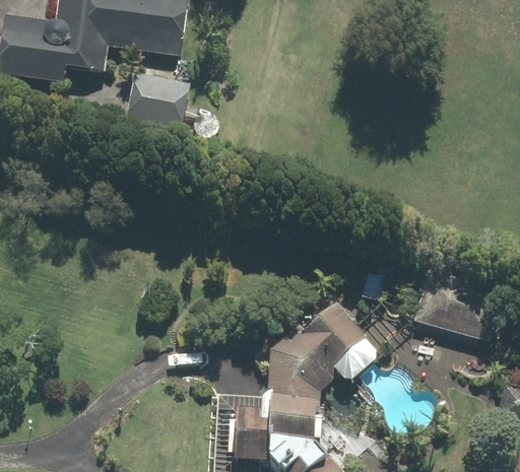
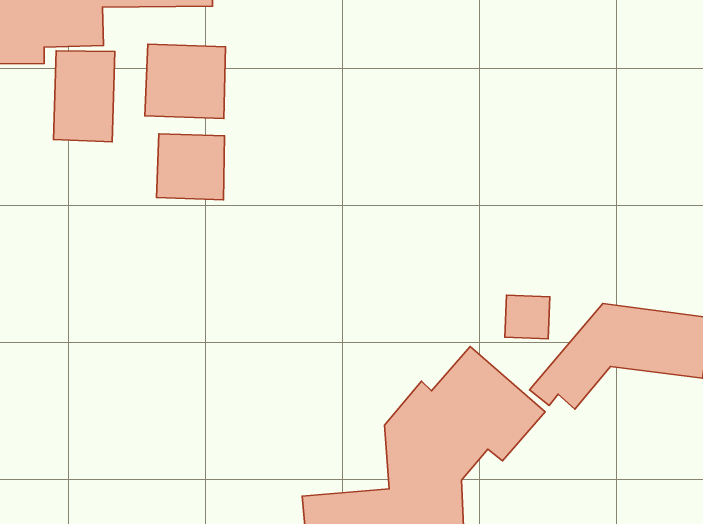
building: none -> [54,51,115,142]
building: none -> [157,134,225,200]

